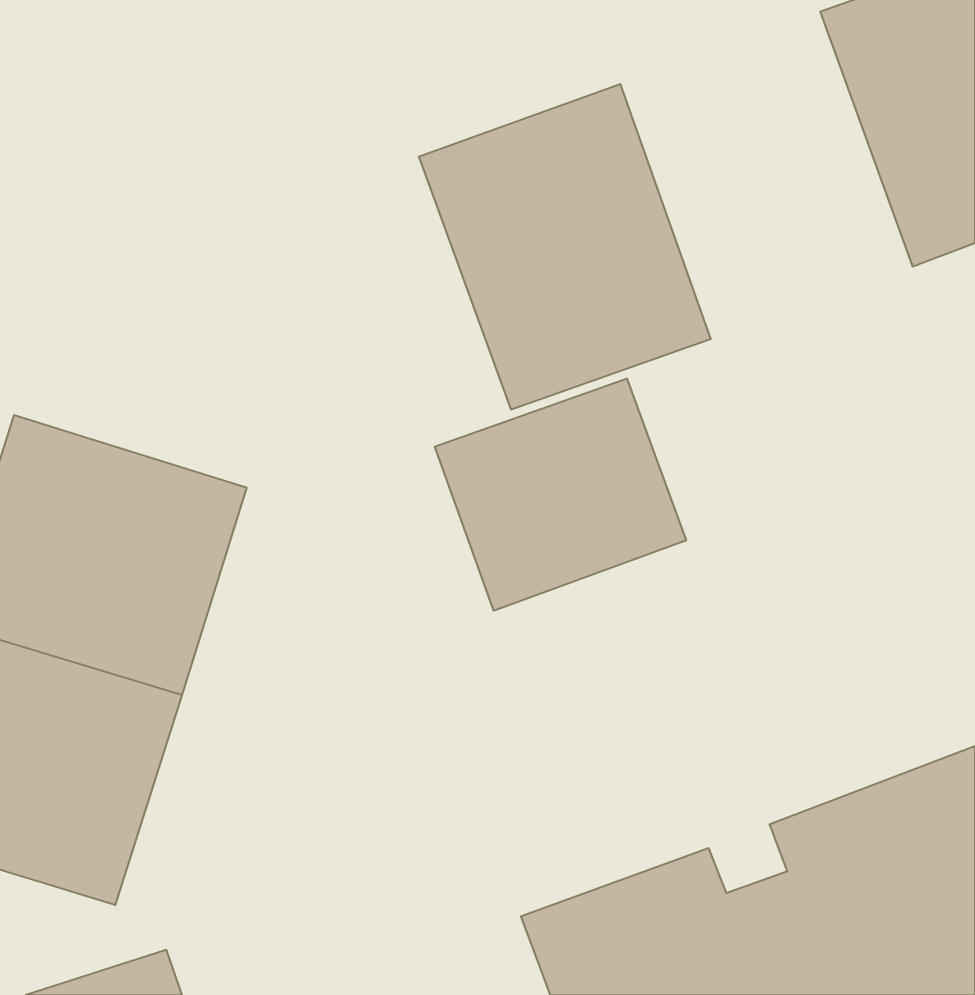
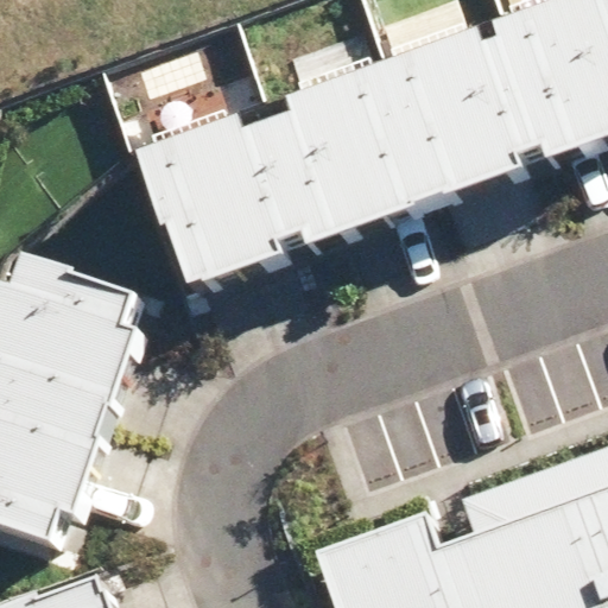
building: none -> [376,7,553,205]
building: none -> [133,95,310,292]
building: [435,379,686,611] -> none

